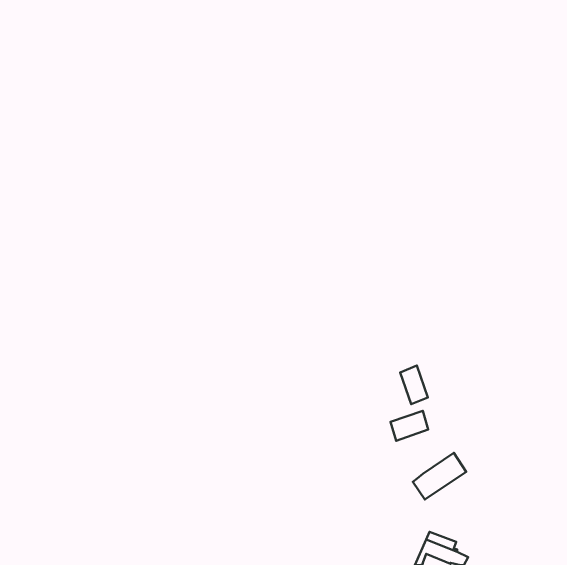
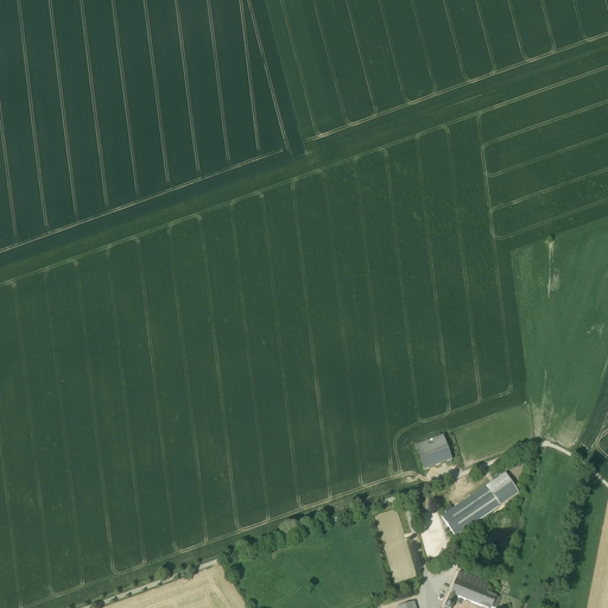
building: [400,366,428,404] -> none
building: none -> [486,471,519,505]

